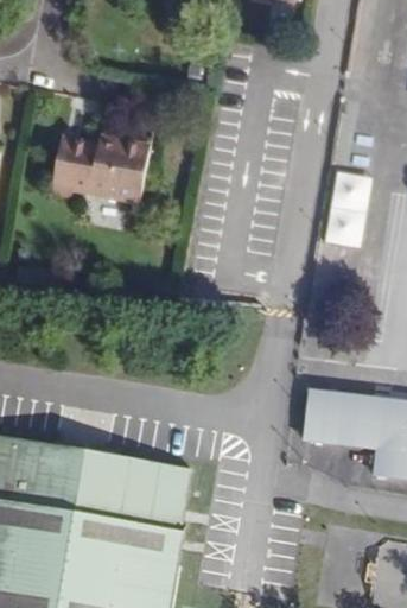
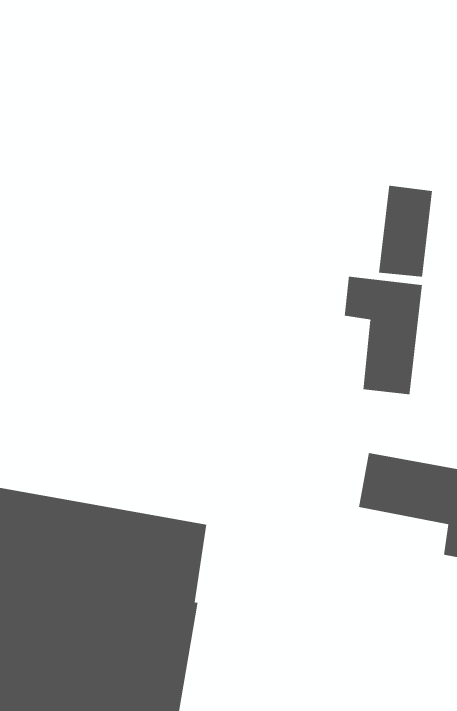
building: [39,135,139,202] -> none
building: none -> [344,276,423,395]

